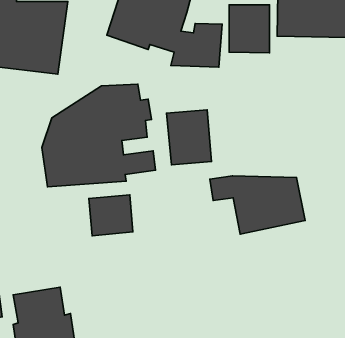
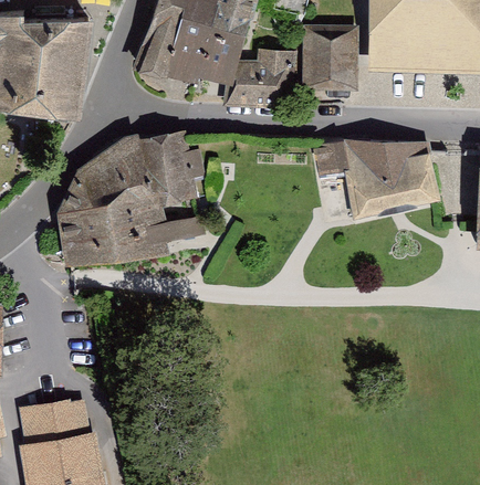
building: [167,110,211,165] -> none
building: [210,176,305,234] -> [314,140,439,217]
building: [89,195,133,236] -> none

